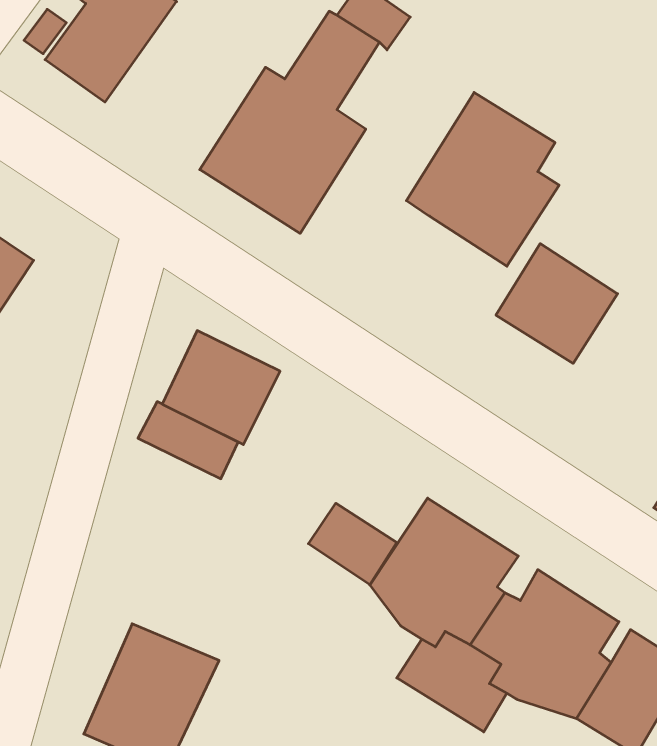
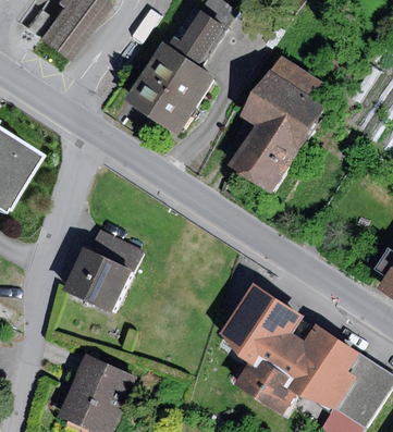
building: [496,244,618,363] -> [228,125,296,193]
building: [162,331,280,445] -> [69,250,135,314]
building: [308,503,397,585] -> none

